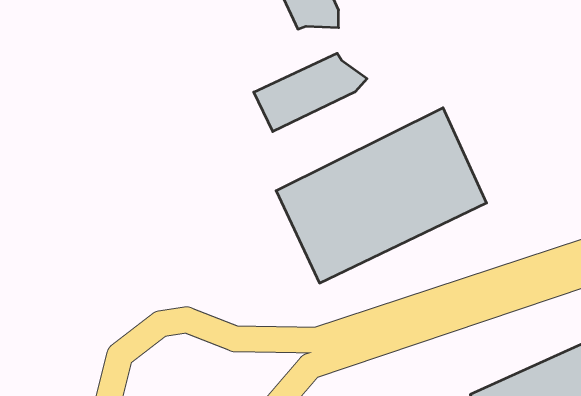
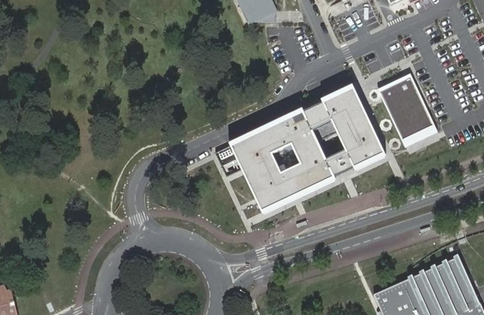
building: [254,53,367,132] -> none
building: none -> [377,73,435,141]

